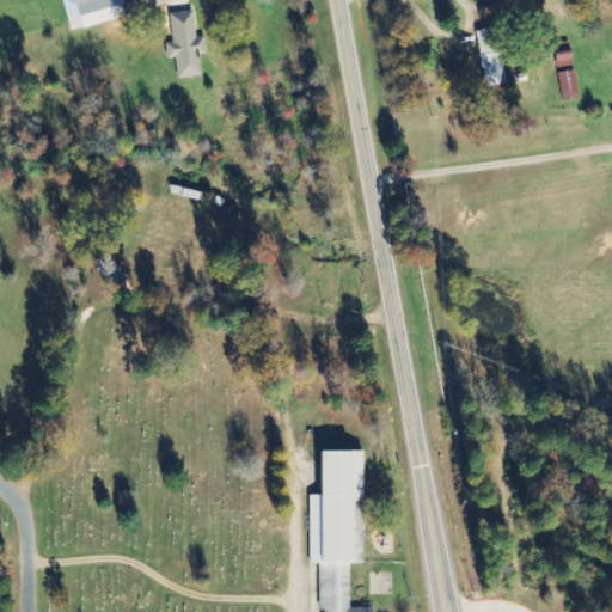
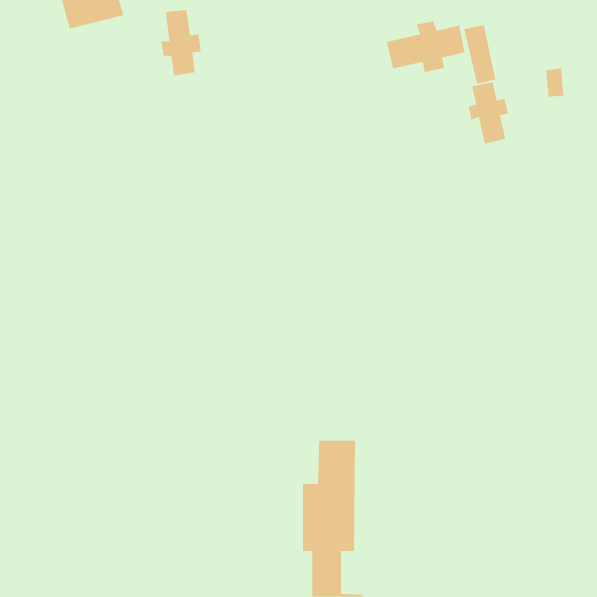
building: none -> [386,21,465,73]
building: none -> [468,82,508,145]

